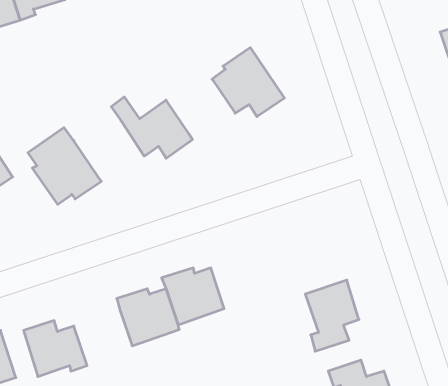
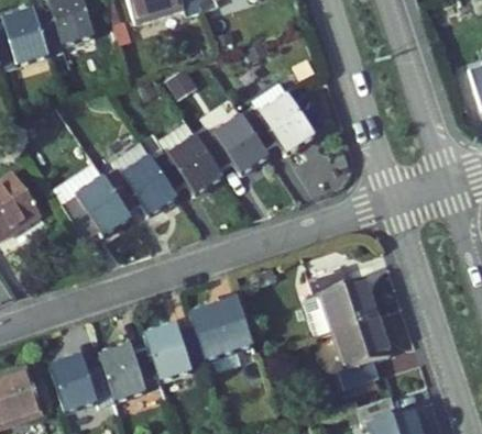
building: none -> [195,114,267,173]
building: none -> [102,156,177,215]
building: none -> [307,267,376,335]
building: none -> [100,345,163,401]

